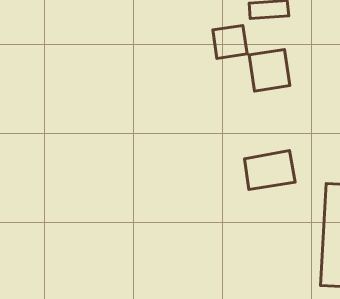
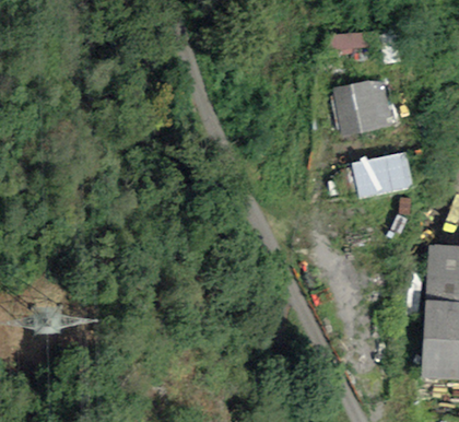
building: [213,25,247,58] -> none
building: [244,151,295,190] -> [363,150,424,197]

